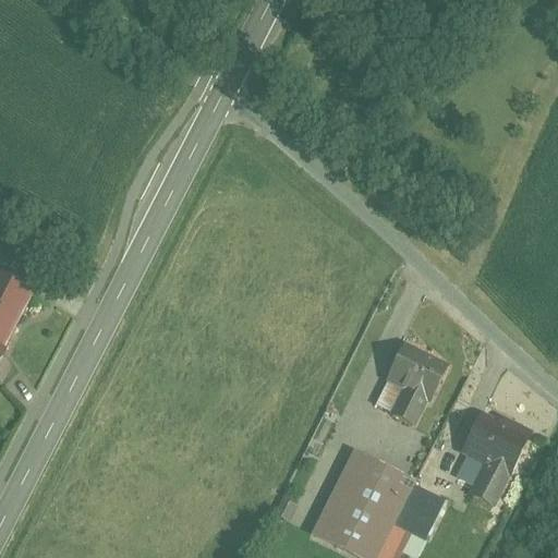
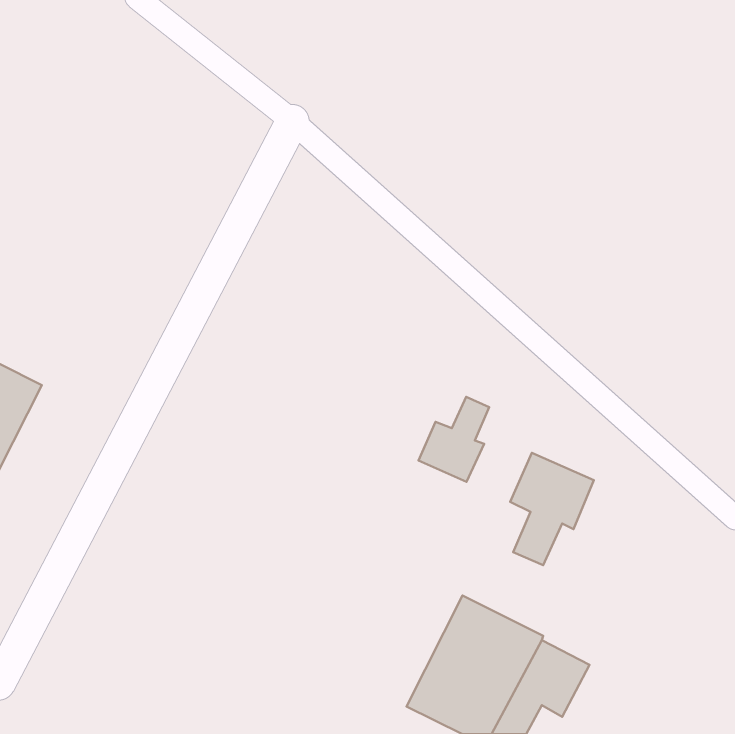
building: none -> [419,397,489,482]
building: [458,408,533,507] -> none

